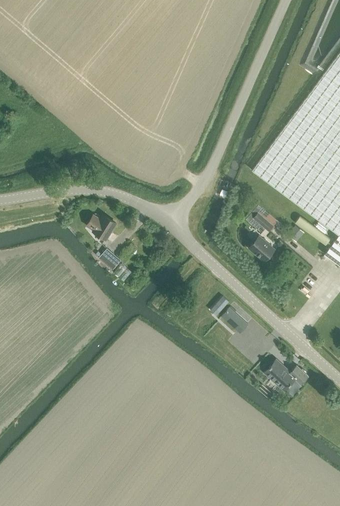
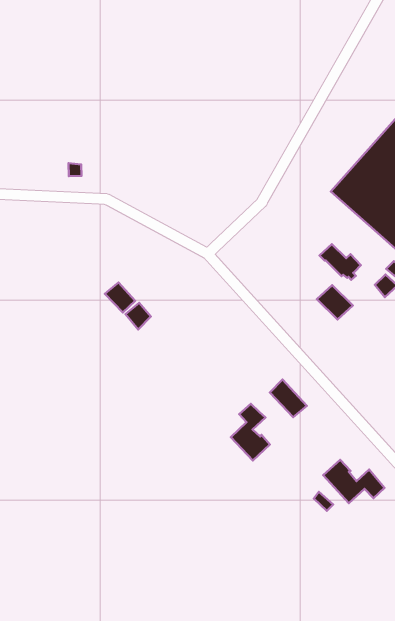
building: [89,215,118,239] -> none
building: none -> [231,404,270,461]

